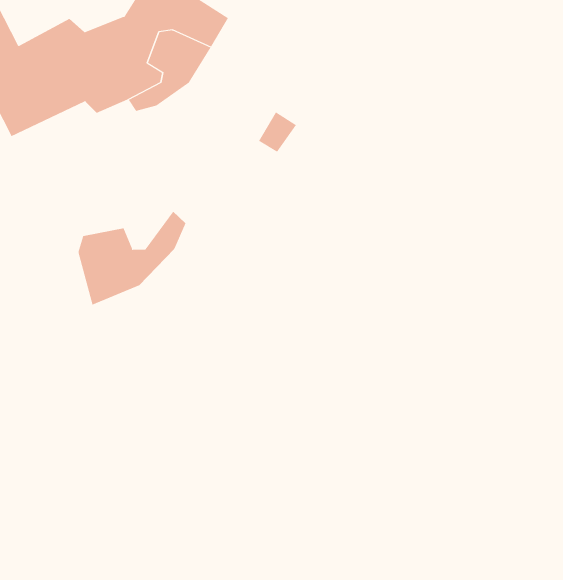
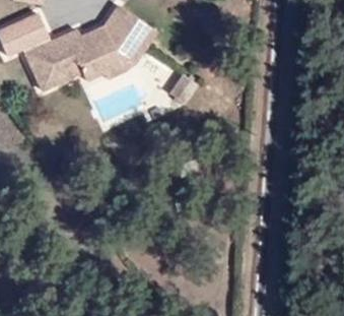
building: [78,211,186,305] -> none

